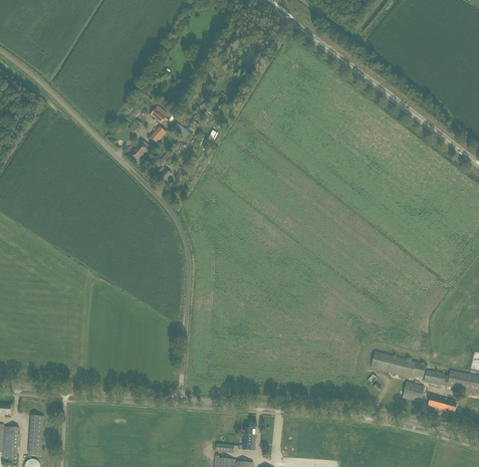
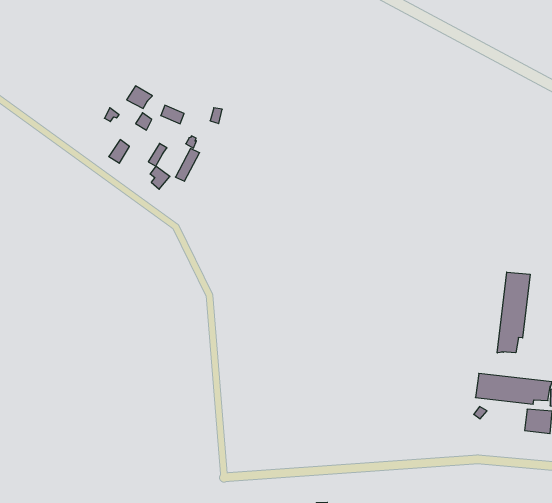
building: none -> [497,272,530,353]

